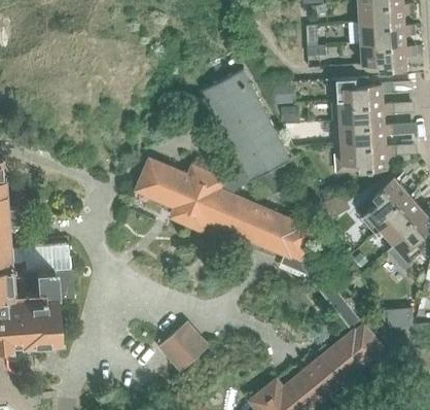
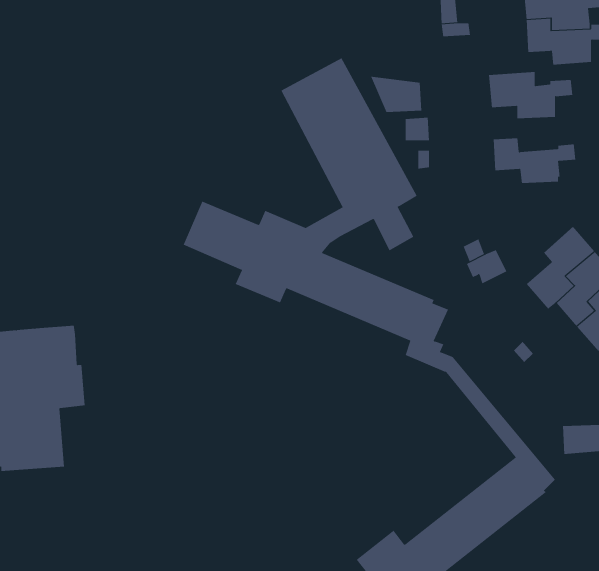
building: [331,100,394,130] -> none
building: [334,141,396,173] -> none
building: [158,324,206,372] -> none

